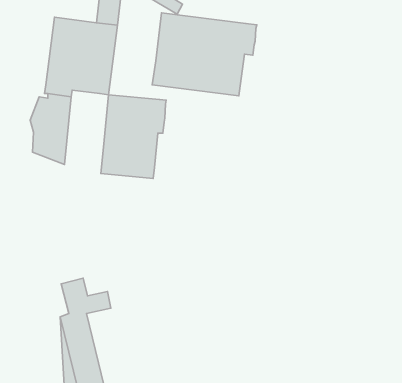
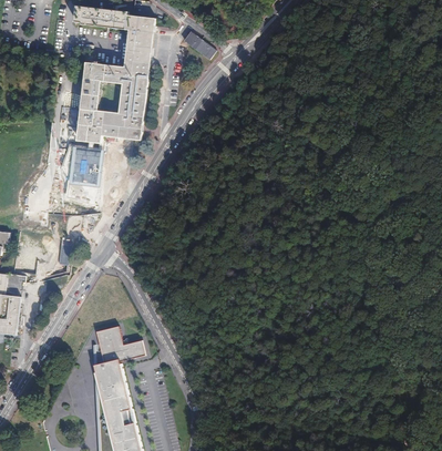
building: [152,13,257,96] -> none
building: [101,95,166,179] -> none

